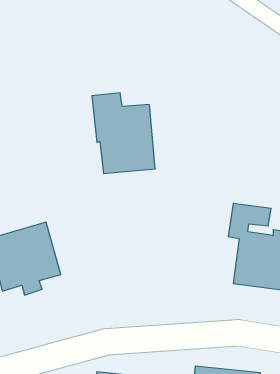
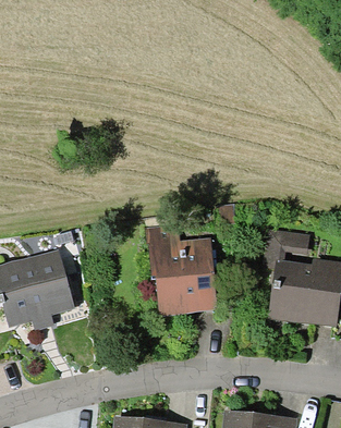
building: [92,93,155,174] -> [146,224,217,315]

